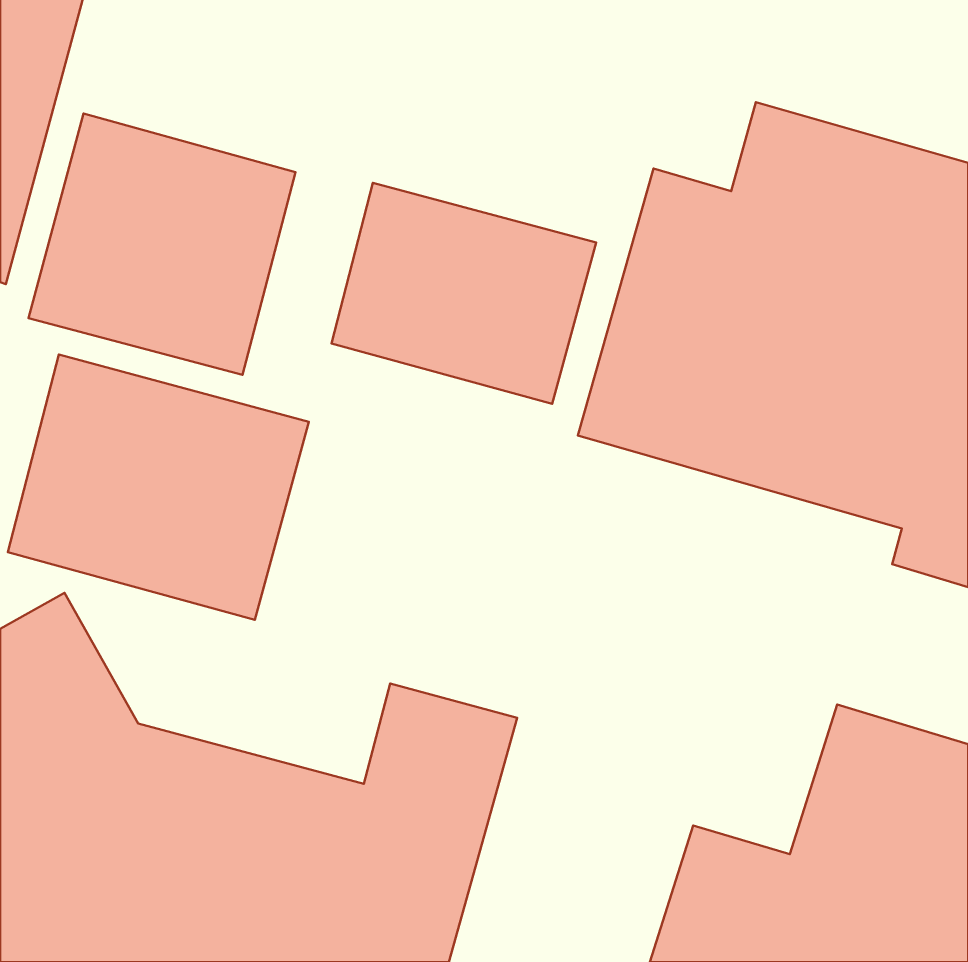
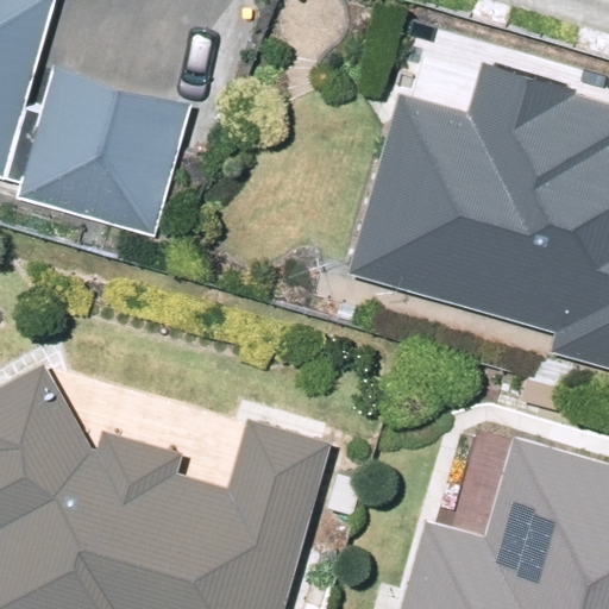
building: [331,183,596,404] -> none
building: [8,355,309,620] -> none

